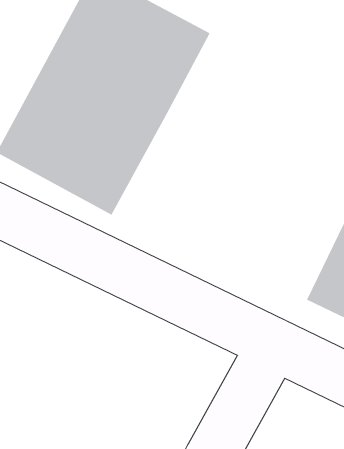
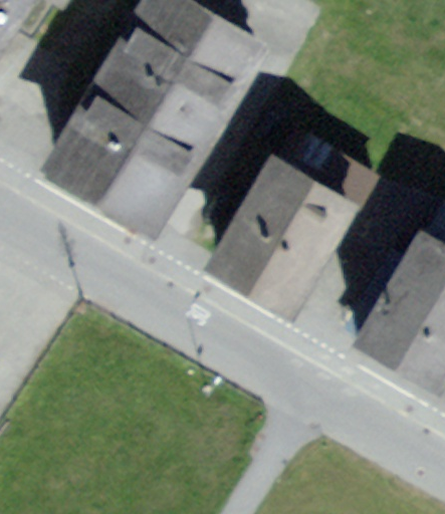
building: none -> [209,148,364,314]

